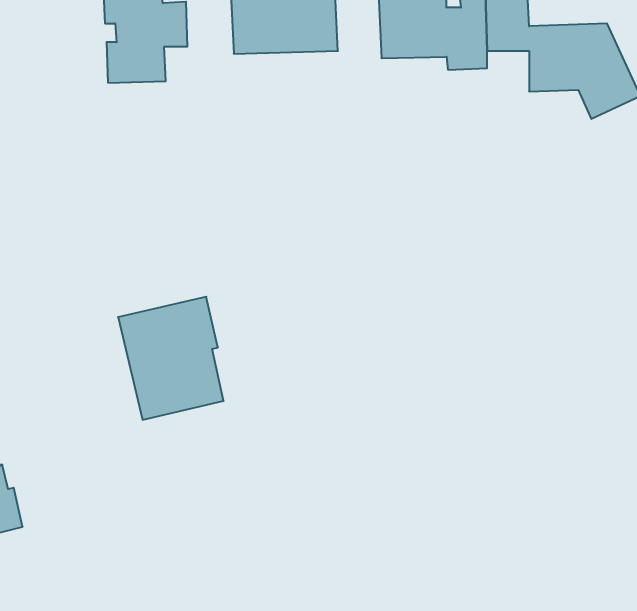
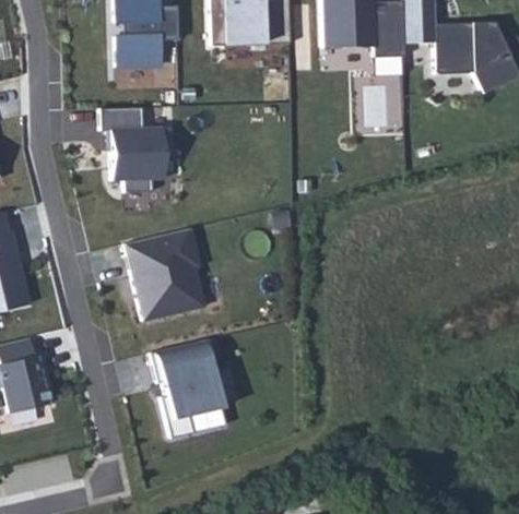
building: none -> [109,128,162,179]
building: none -> [151,337,221,437]

